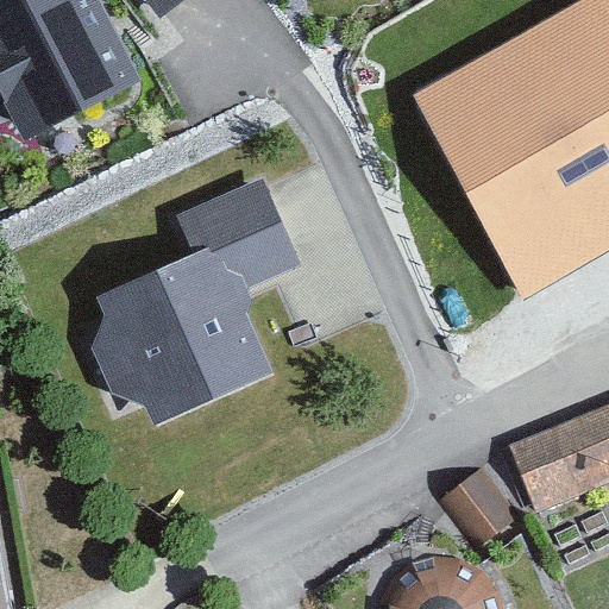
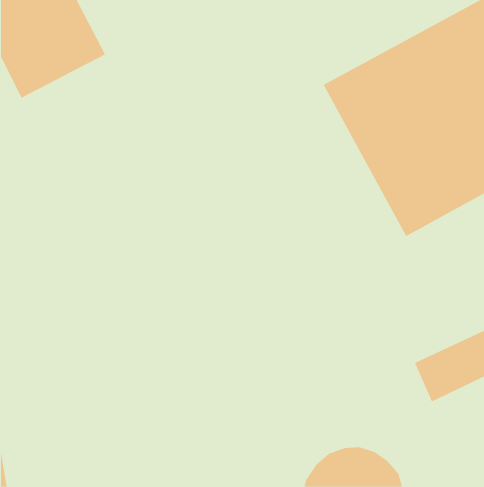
building: [96,180,300,416] -> none

